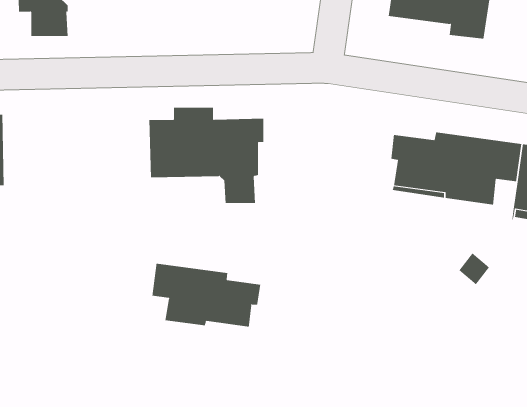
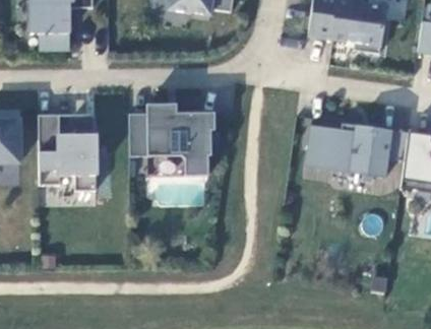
building: none -> [38,114,96,190]
building: [152,263,261,328] -> none

